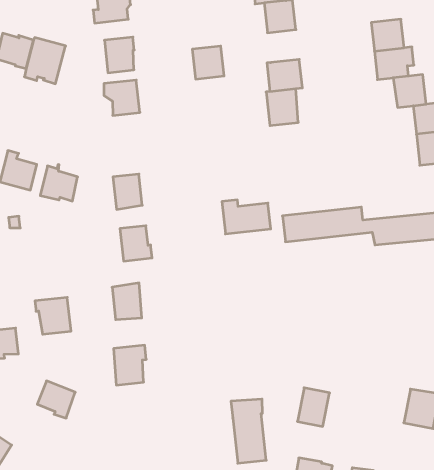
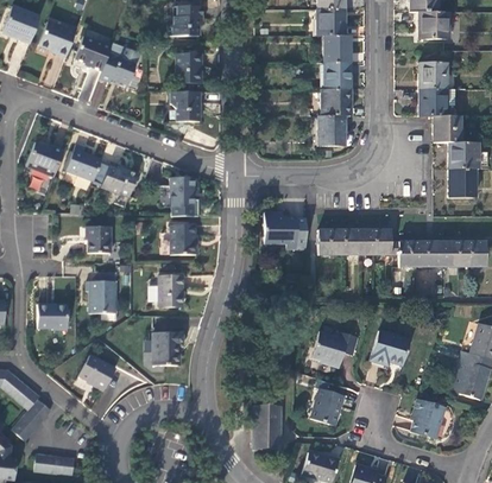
building: [192,46,224,79] -> [324,62,351,89]
building: none -> [86,227,111,253]
building: none -> [371,331,411,366]
building: none -> [314,331,359,367]

